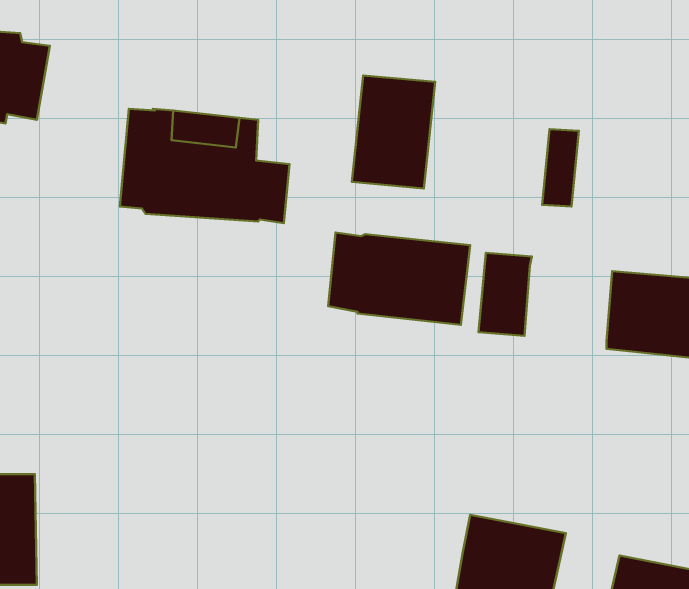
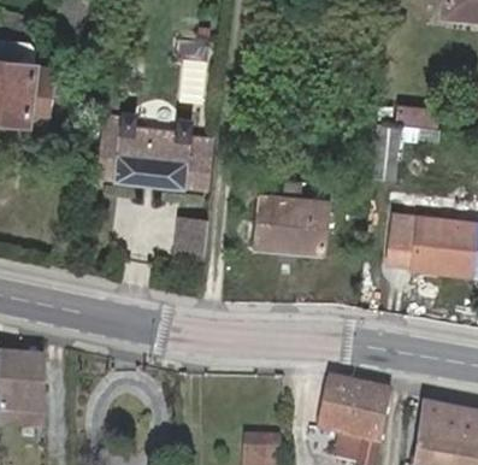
building: [352,75,435,189] -> none
building: [478,253,532,336] -> [386,211,421,265]
building: none -> [172,216,208,261]

